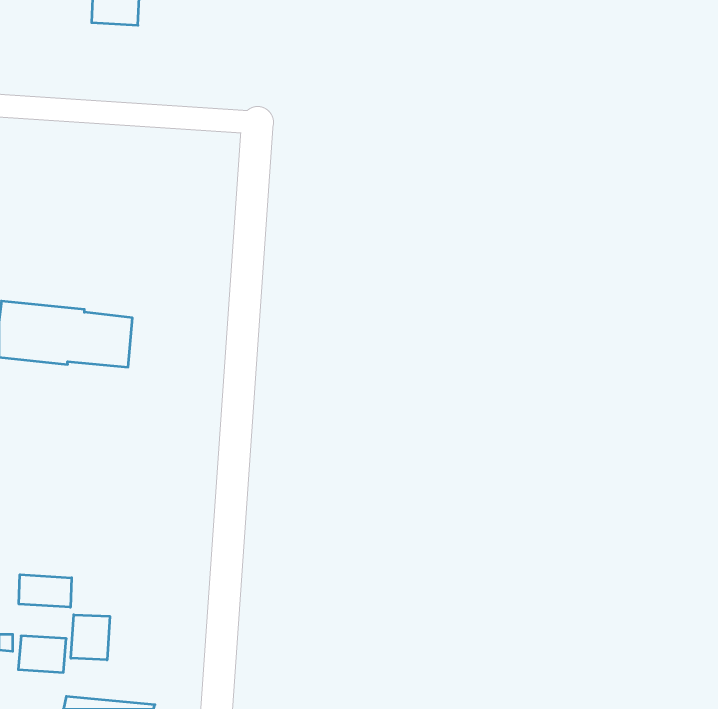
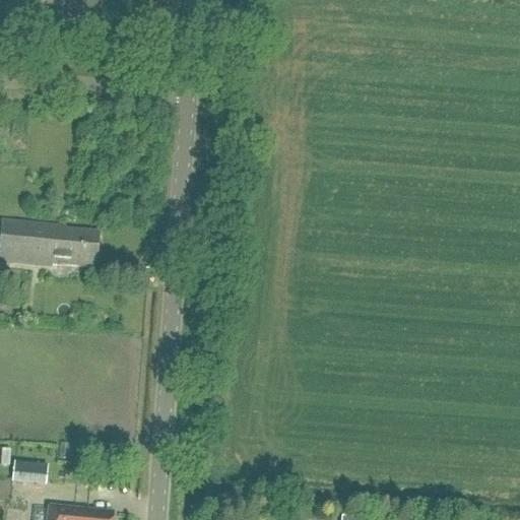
building: [19,575,72,607] -> none
building: [71,615,110,660] -> none

